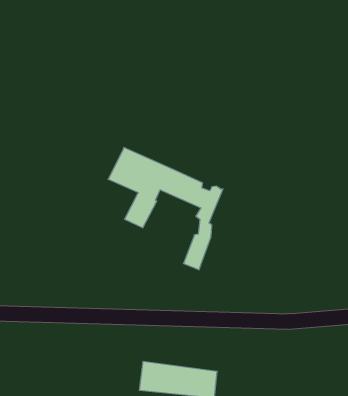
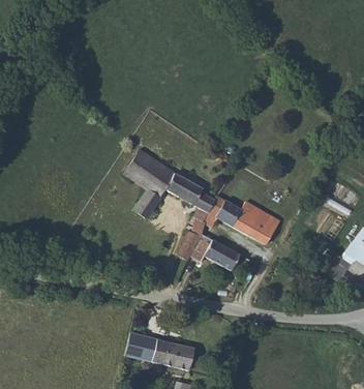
building: none -> [203,196,279,244]
building: none -> [191,235,239,270]

